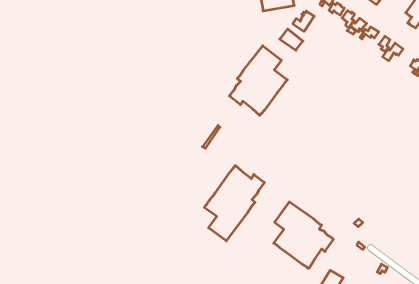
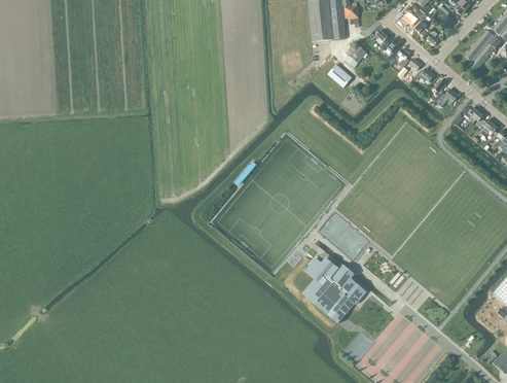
building: [229,46,287,115] -> none
building: [204,166,264,241] -> none

